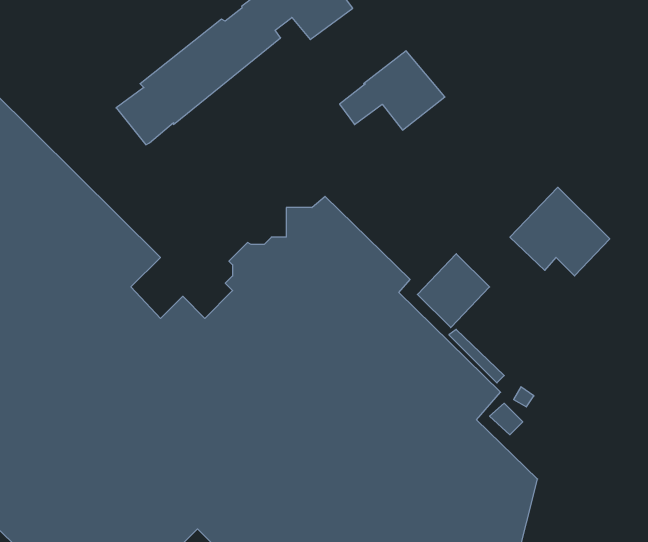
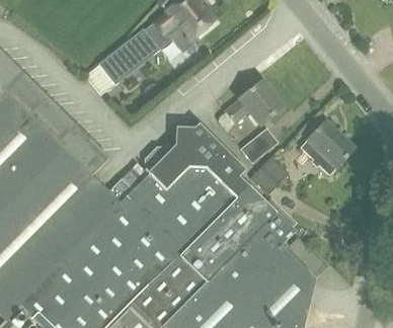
building: [340,51,445,130] -> [225,80,283,124]
building: none -> [240,127,278,162]

